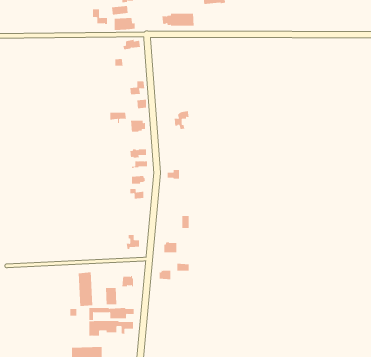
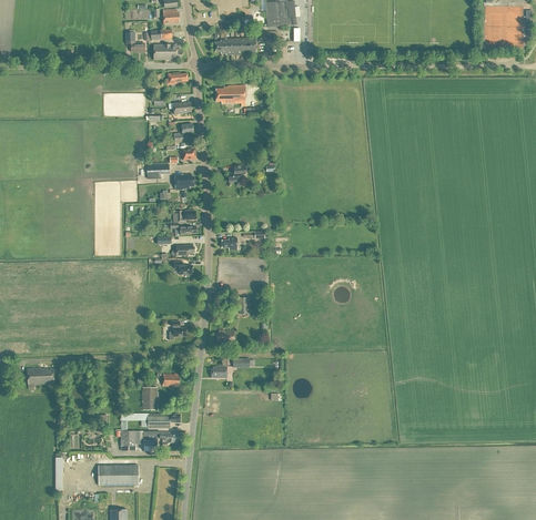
building: none -> [215,84,246,103]
building: none -> [24,367,54,391]
building: [78,272,93,307] -> none

